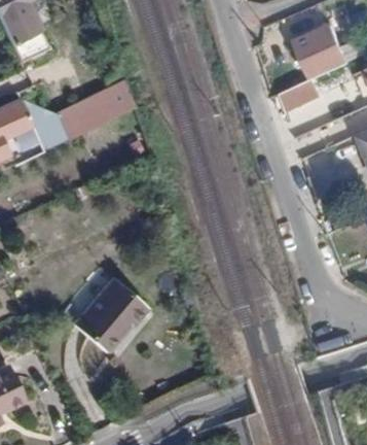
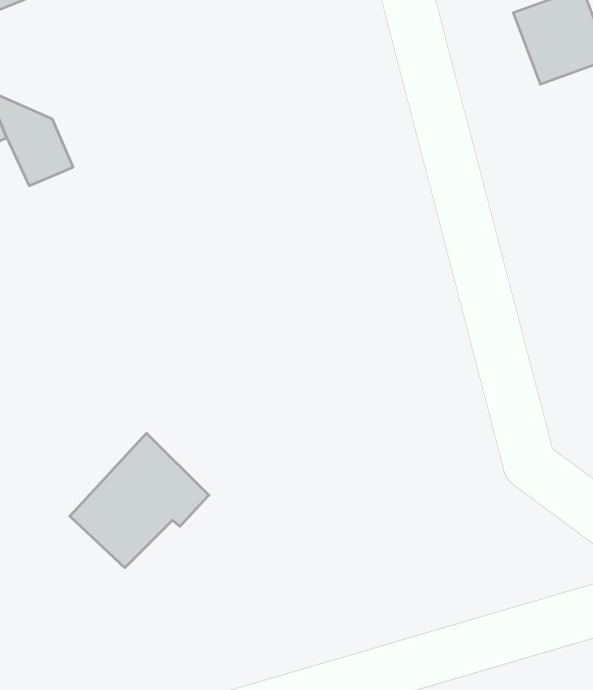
building: [277,77,321,113] -> none
building: [56,78,135,137] -> none

